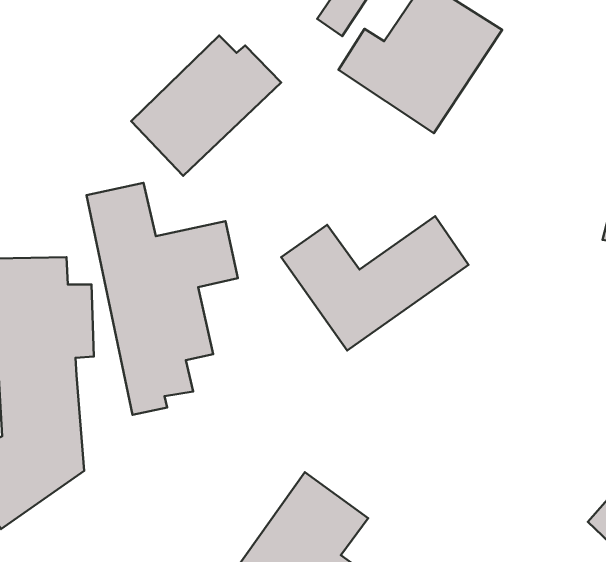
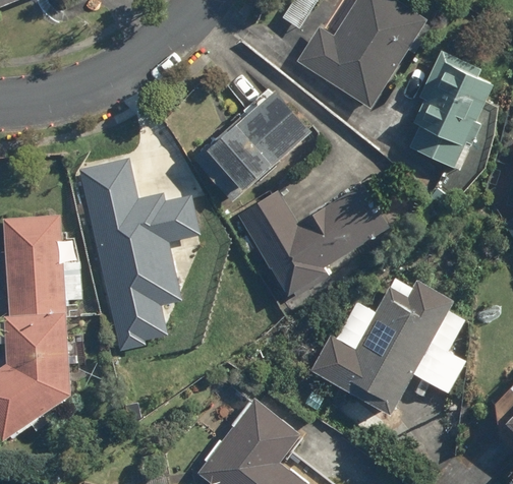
building: [131,35,281,176] -> [195,86,319,201]
building: none -> [397,58,490,180]
building: none -> [324,276,466,402]

